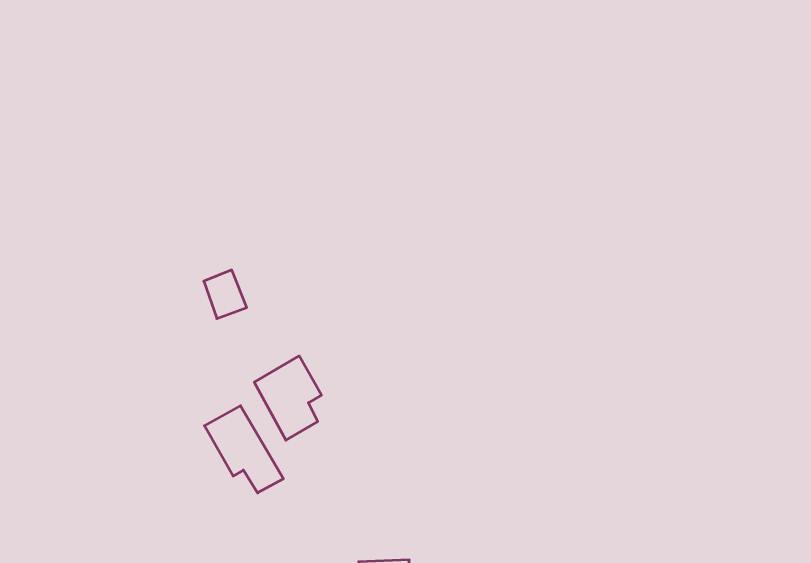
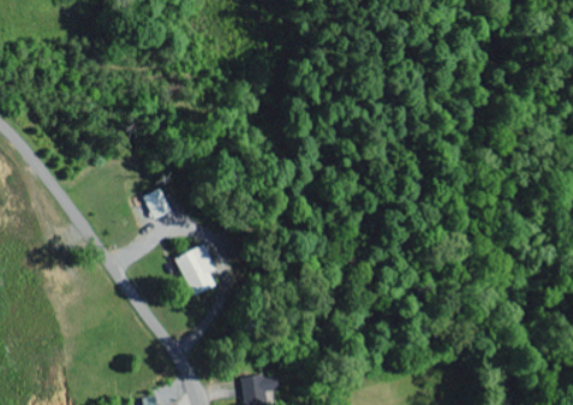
building: [204,406,283,493] -> none

